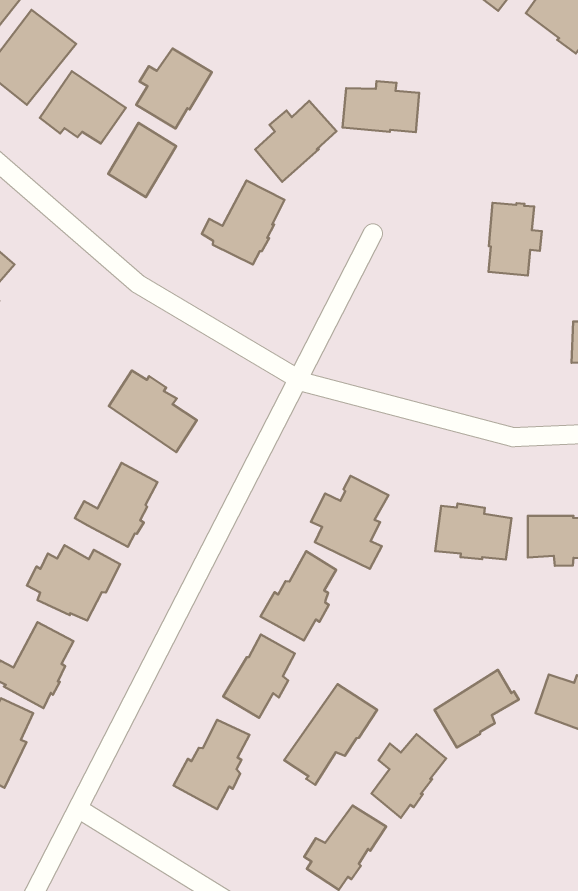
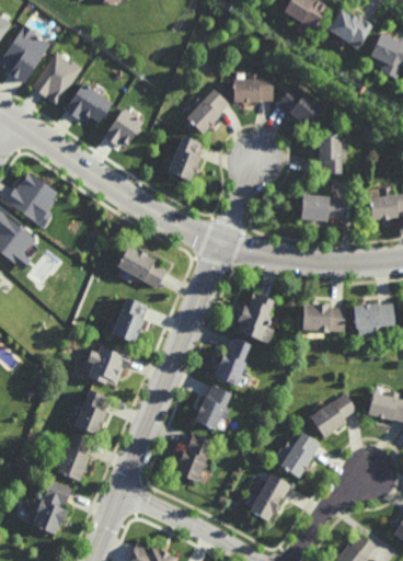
building: [136,49,212,128] -> none
building: none -> [276,83,324,128]
building: none -> [300,194,345,221]
building: [284,684,377,785] -> none

